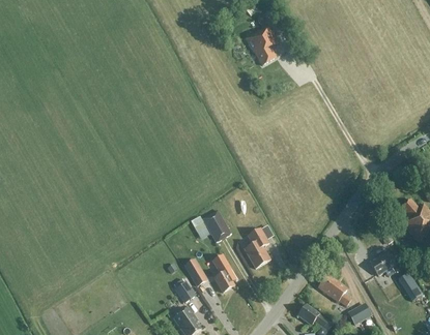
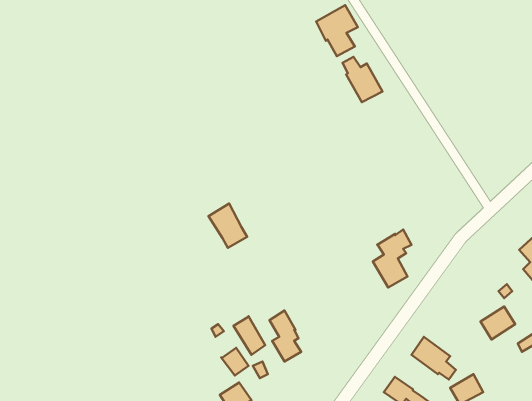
building: none -> [342,57,383,102]
building: [201,210,230,243] -> [209,204,247,248]
building: [243,225,273,269] -> [373,230,412,288]

